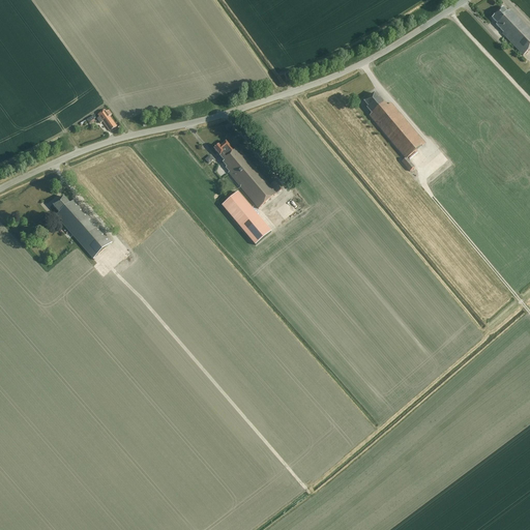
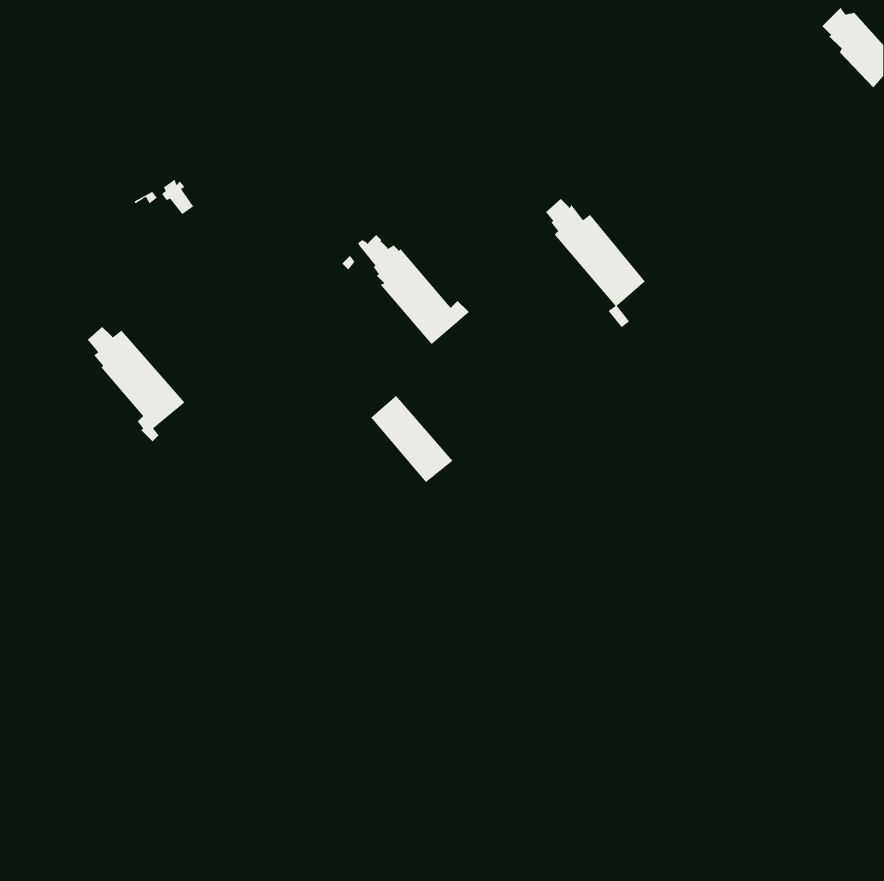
building: [363,91,423,169] -> [545,198,646,328]
building: [222,189,271,242] -> [370,395,453,483]

